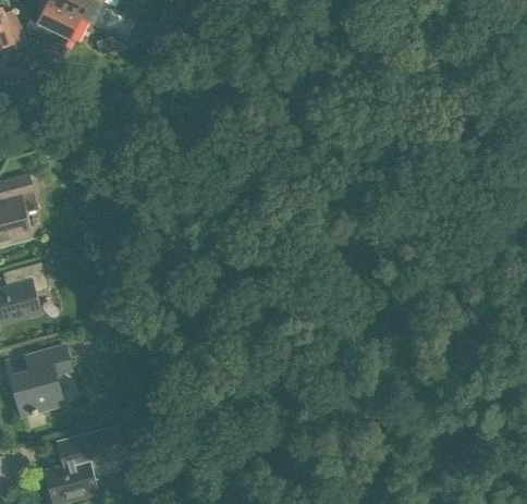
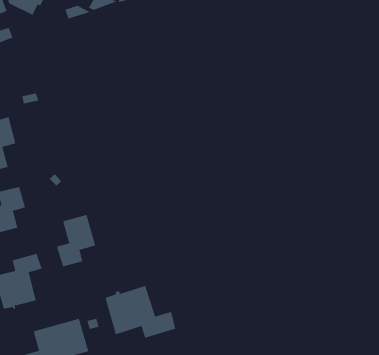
building: none -> [56,214,96,267]
building: none -> [105,285,176,339]

